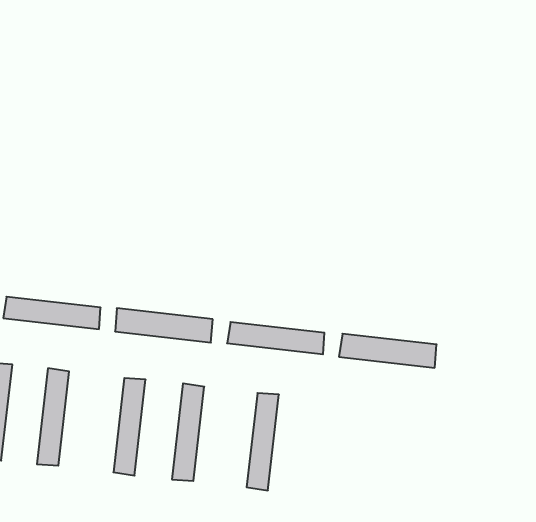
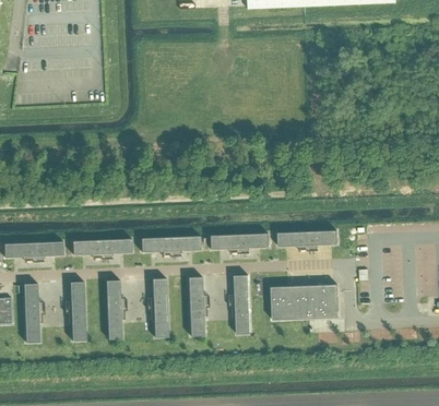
building: none -> [271,285,337,320]

